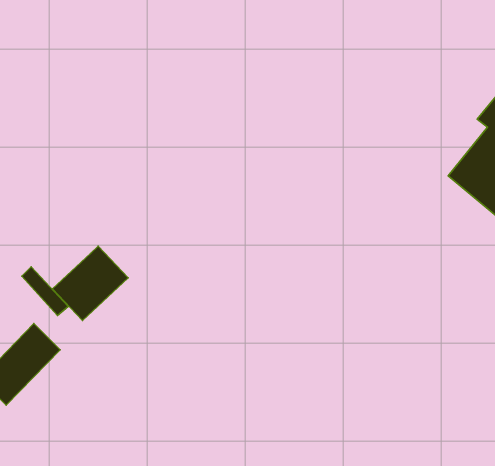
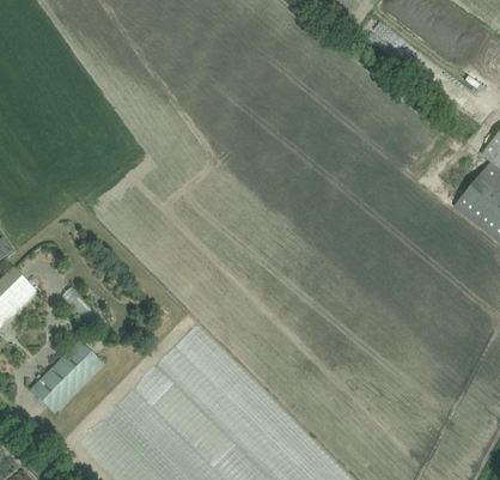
building: [52,246,128,321] -> none

